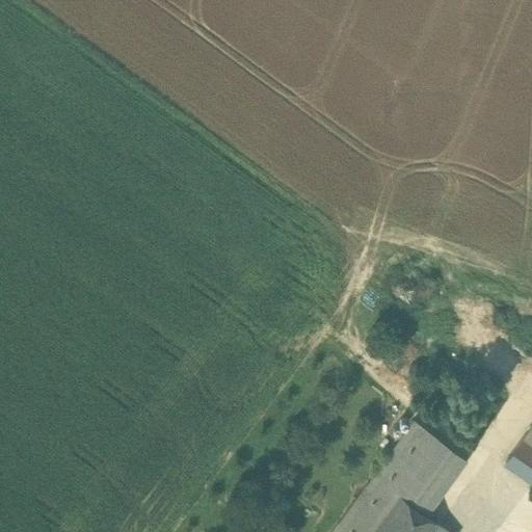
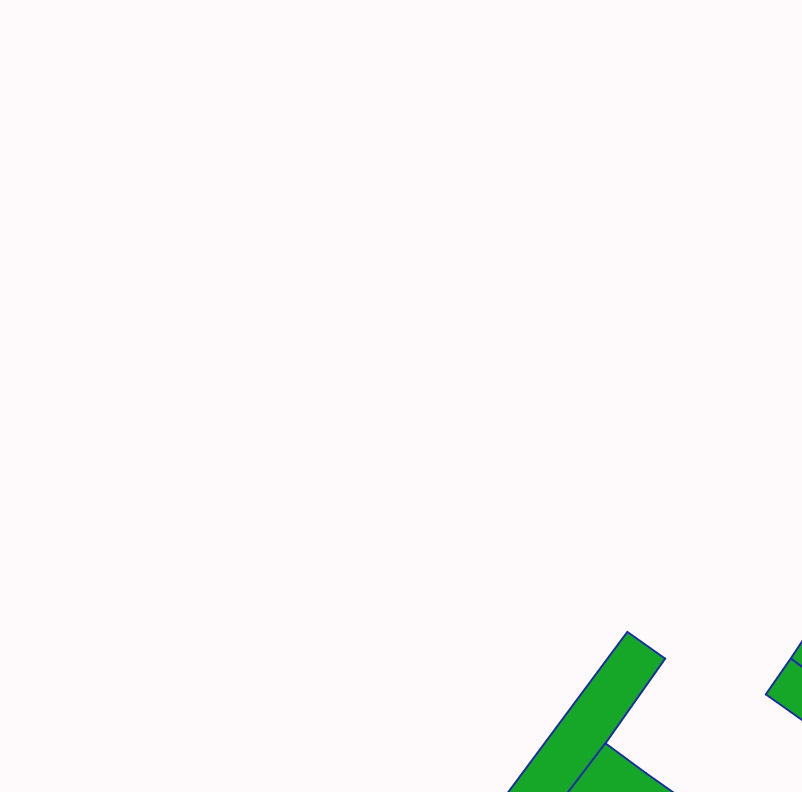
building: [401,443,469,518] -> none

